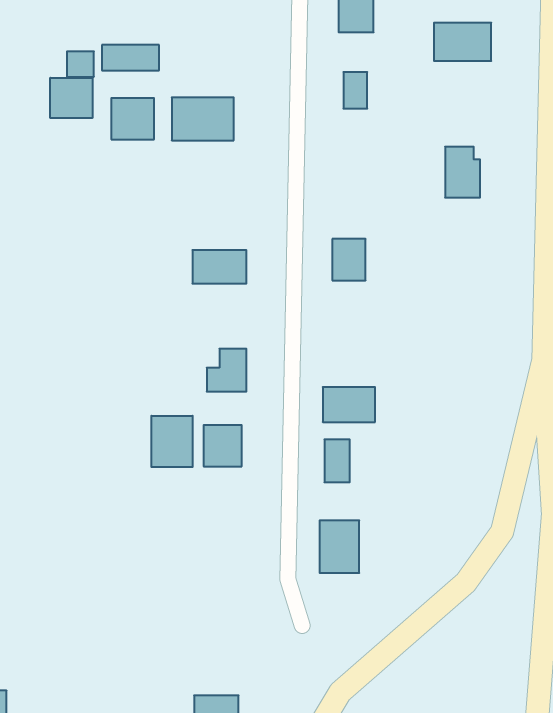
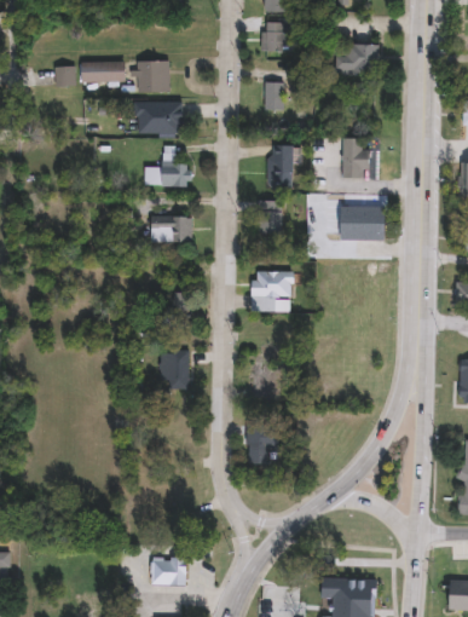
building: [50,78,92,118] -> none
building: [111,98,154,139] -> [135,62,168,93]
building: none -> [162,146,191,188]
building: none -> [267,146,291,190]
building: none -> [341,207,385,240]
building: [323,387,375,422] -> [252,271,291,298]
building: [151,416,193,467] -> none

